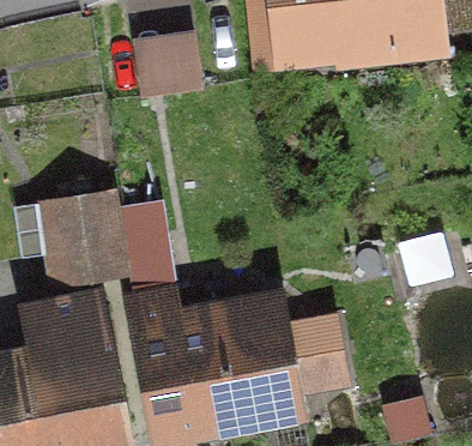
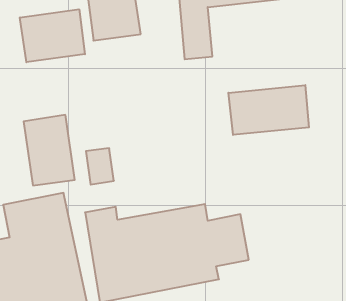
building: none -> [20,9,85,62]
building: none -> [228,85,309,135]

